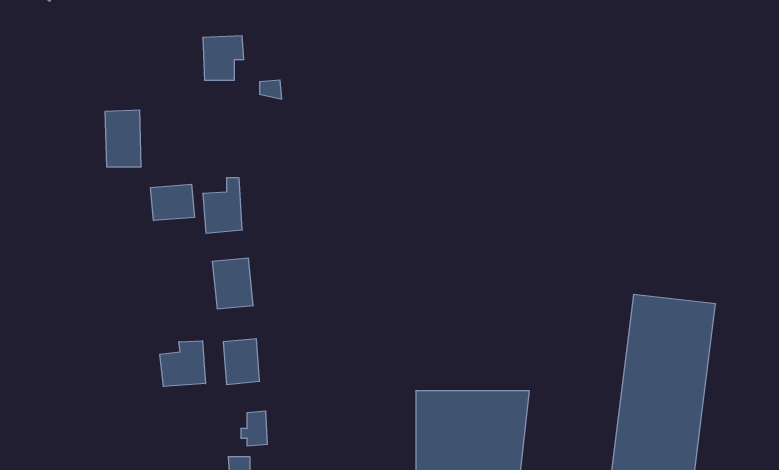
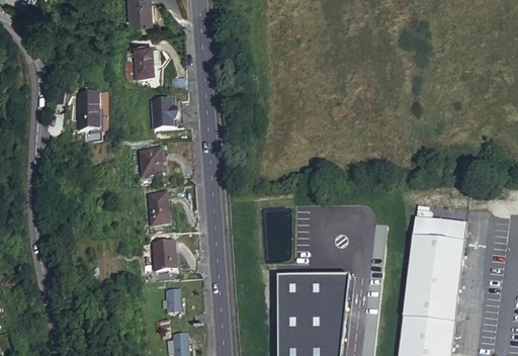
building: none -> [155,99,182,127]
building: [151,184,194,221] -> none
building: [160,341,205,387] -> none

